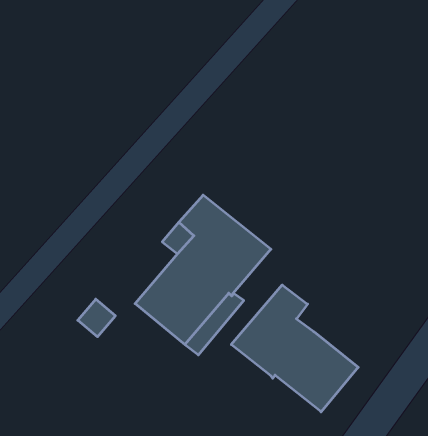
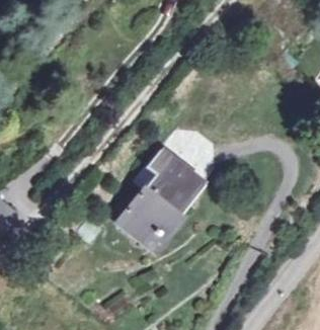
building: [231,285,358,412] -> none

